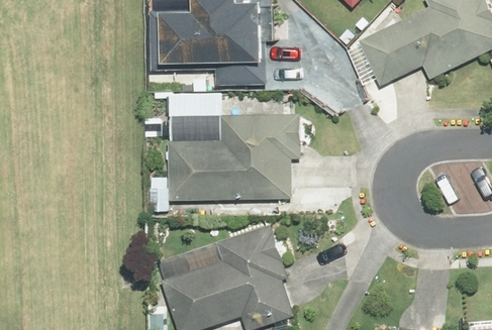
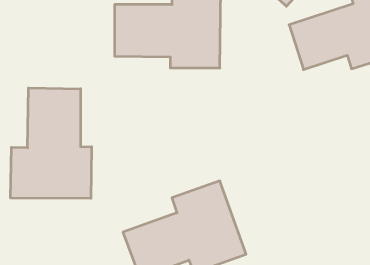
building: none -> [11,88,92,198]
building: [167,114,303,199] -> none

